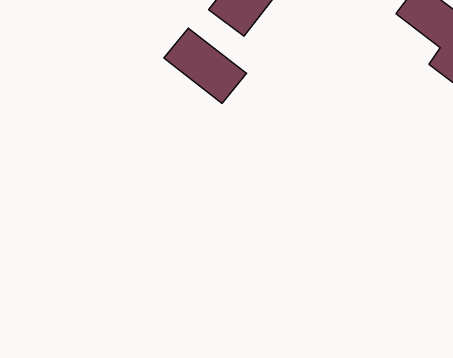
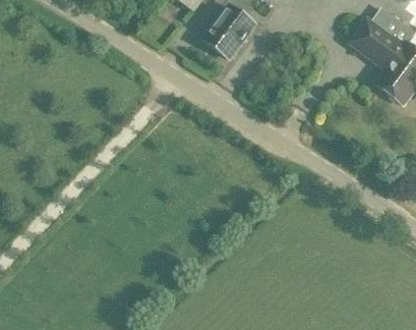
building: [164,28,247,103] -> none

